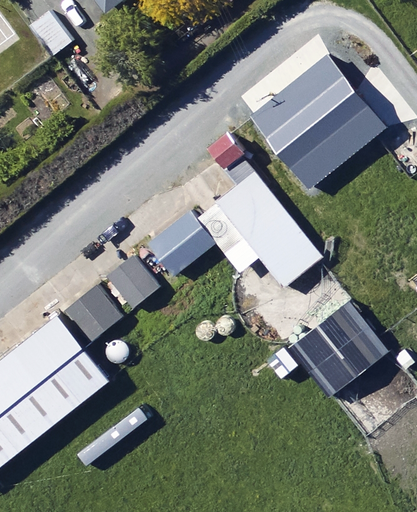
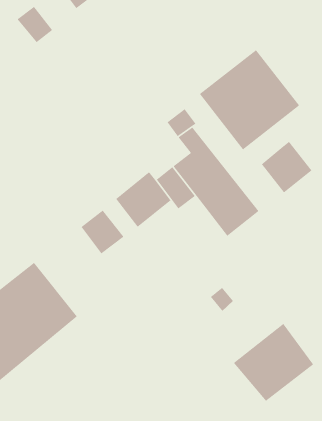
building: none -> [261,141,312,194]
building: [66,284,124,343] -> none
building: [287,298,385,393] -> [233,323,314,402]

